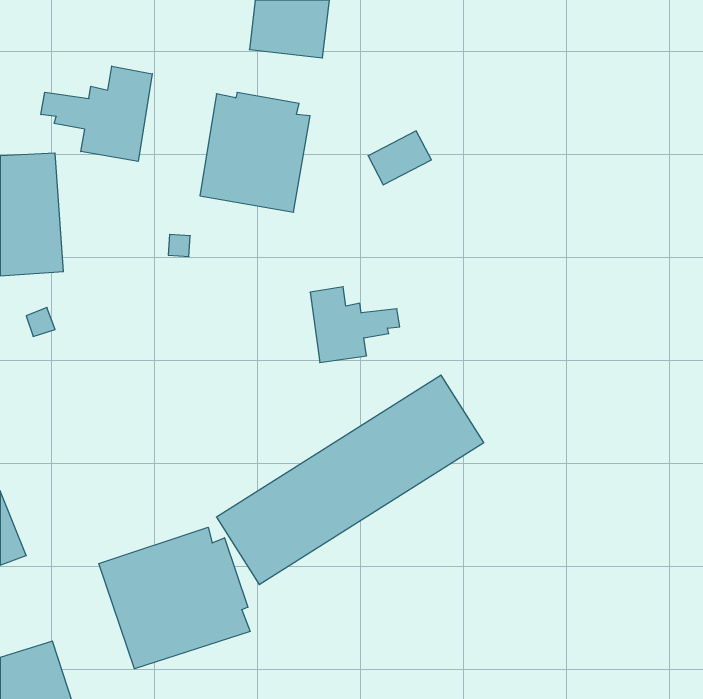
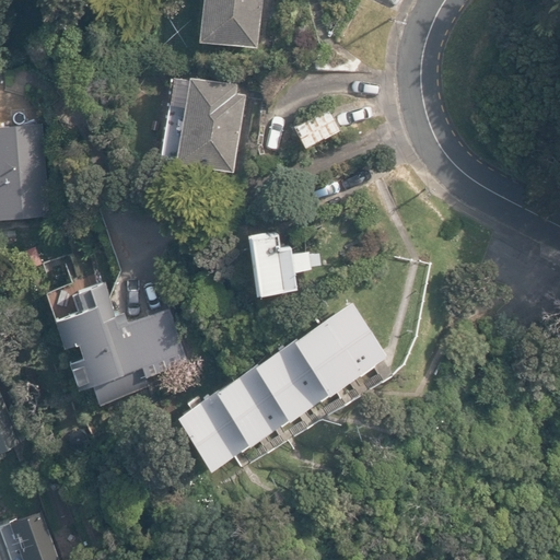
building: [41,66,152,161] -> none
building: none -> [54,284,192,405]
building: [99,527,250,669] -> none

